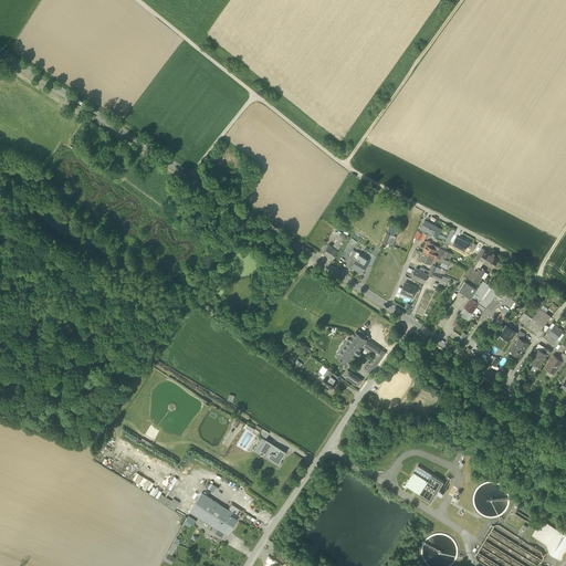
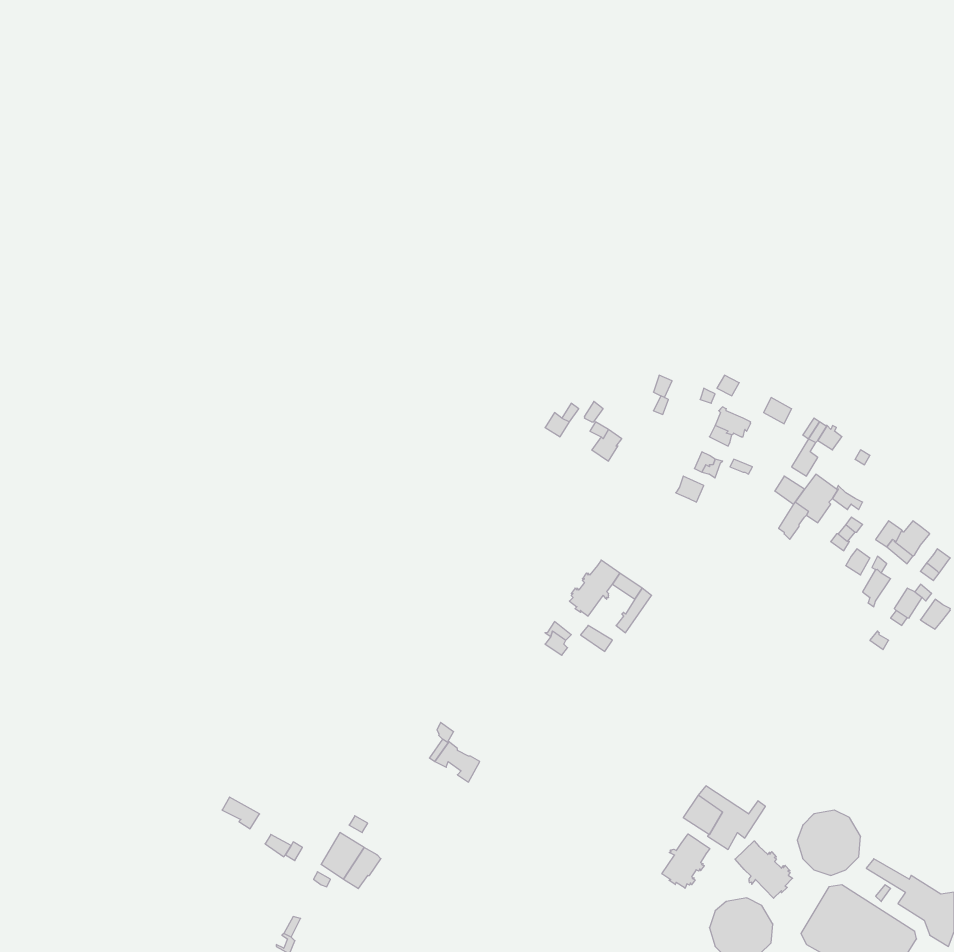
building: none -> [662,834,710,888]
building: none -> [735,841,793,898]
building: [212,505,242,539] -> none

